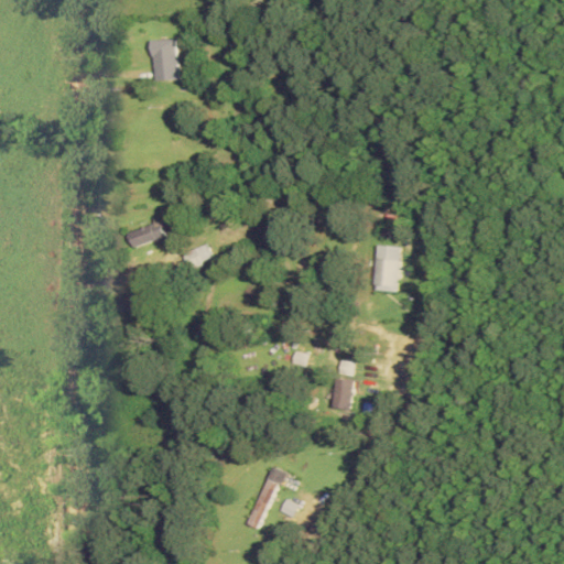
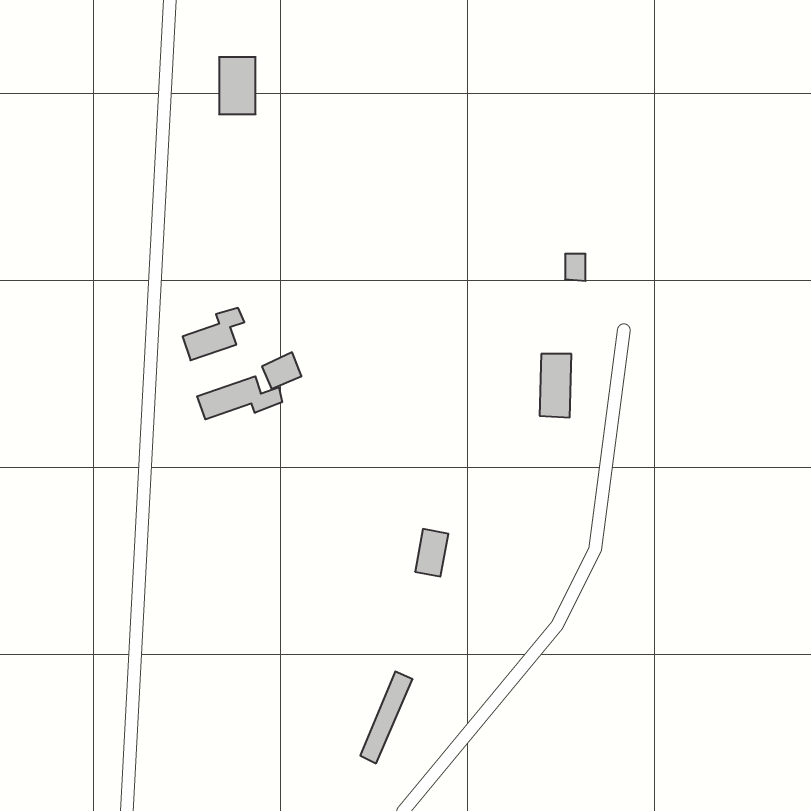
building: none -> [197,376,282,419]
building: [330,377,354,410] -> [415,529,448,577]

